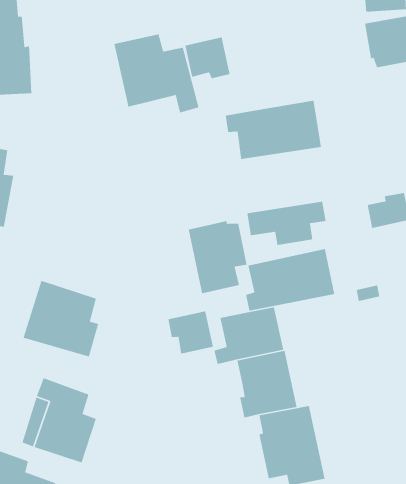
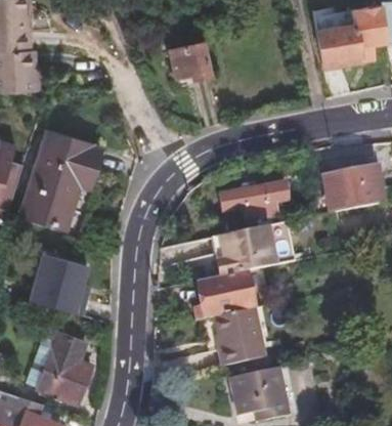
building: [114,33,199,114] -> none
building: [225,100,322,160] -> none
building: none -> [20,133,100,228]
building: [188,220,248,294] -> none
building: [168,310,214,354] -> none

